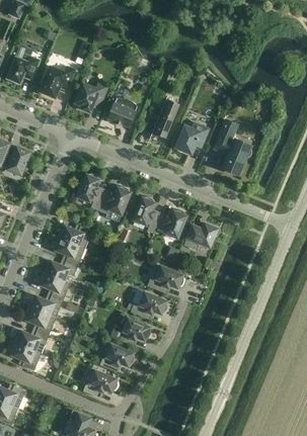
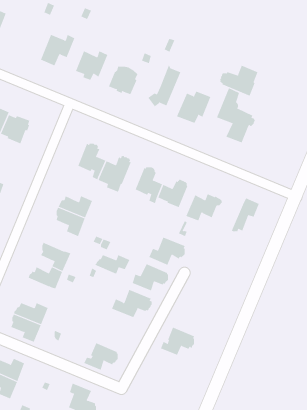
building: [7,53,40,83] -> none
building: none -> [220,65,258,96]
building: none -> [231,197,260,232]
building: [43,260,78,279] -> [94,255,130,274]
building: [26,306,56,335] -> none
building: [99,343,134,371] -> [160,327,195,356]

